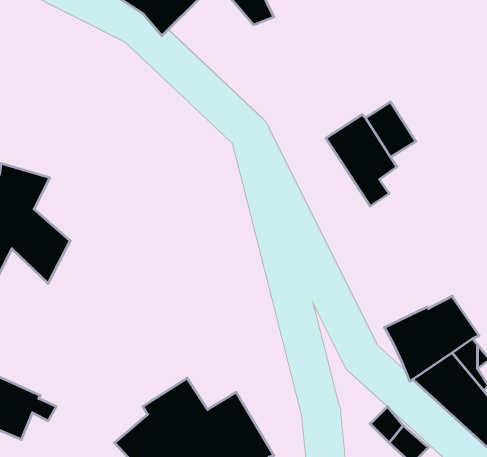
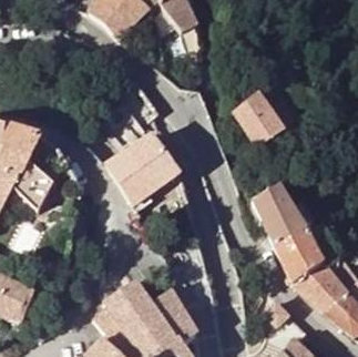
building: none -> [104,133,178,203]
building: none -> [250,185,303,244]

